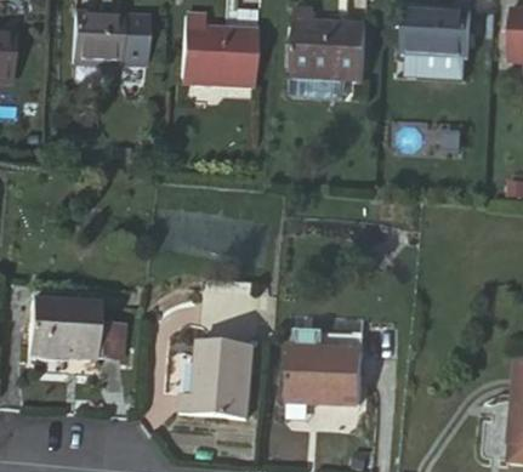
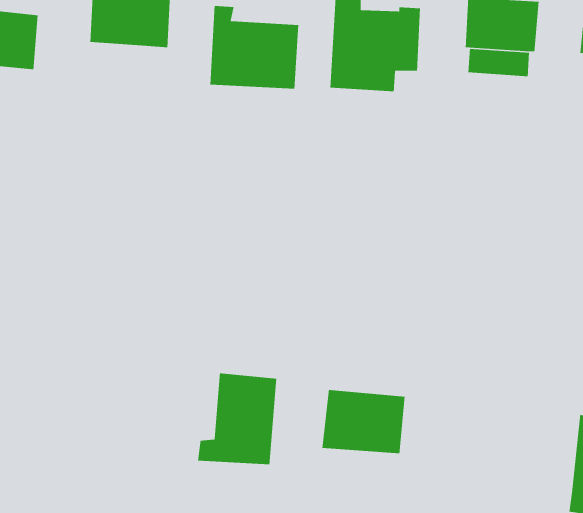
building: [22,298,116,366] -> none

